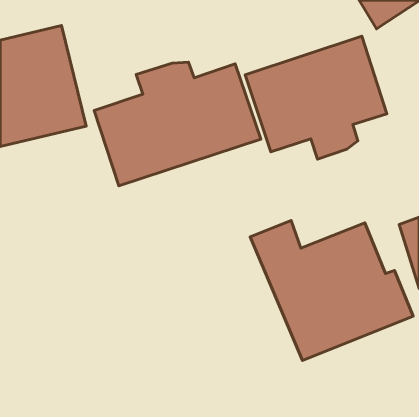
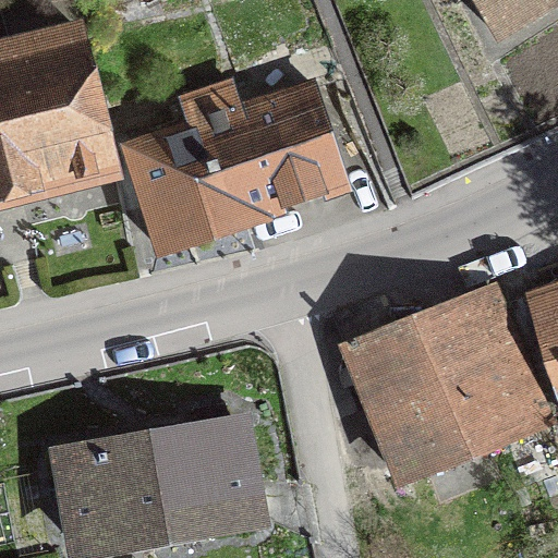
building: [245,36,387,159] -> none
building: none -> [68,429,251,551]

